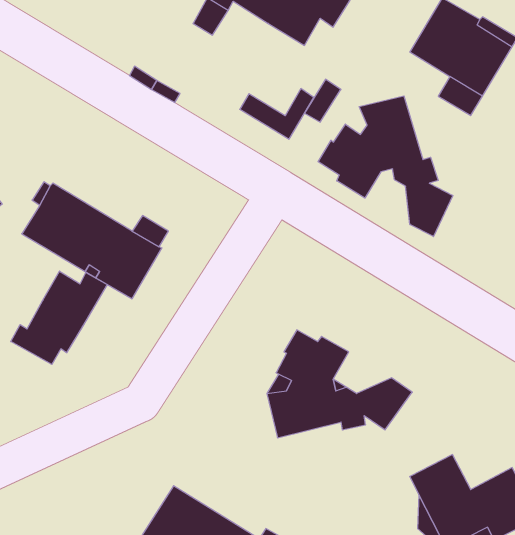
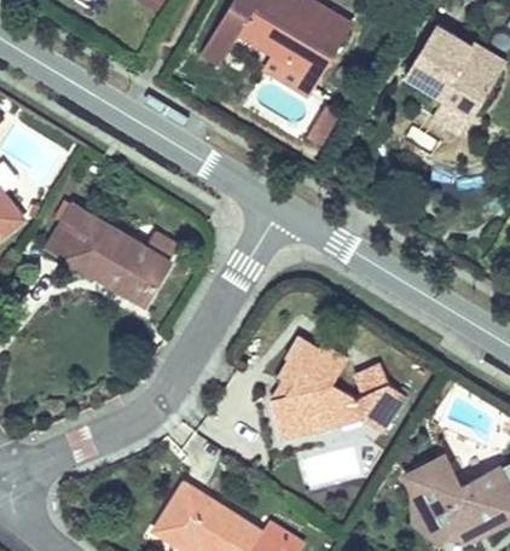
building: [240,89,314,139] -> [263,47,332,94]
building: [318,96,453,237] -> none
building: [11,271,107,364] -> none

